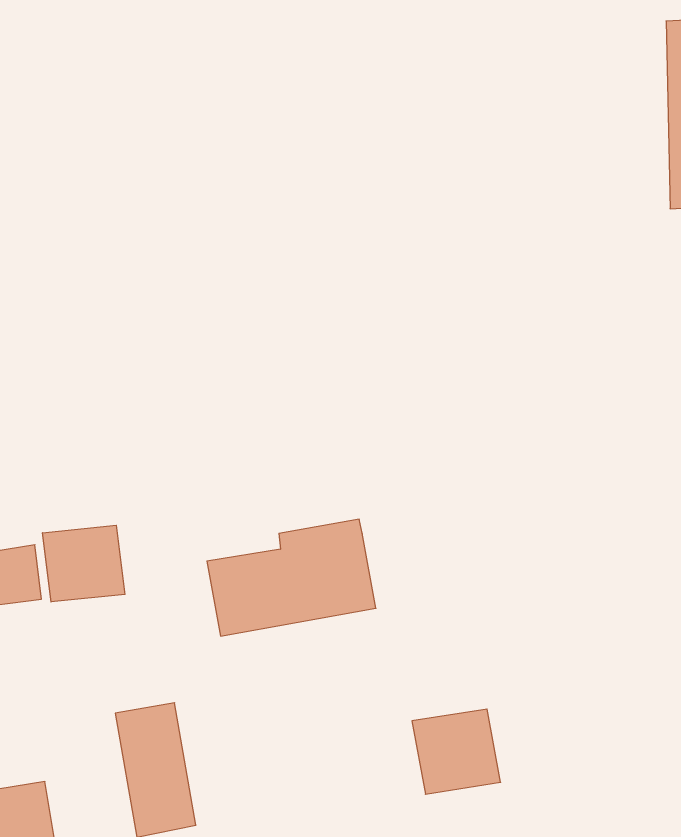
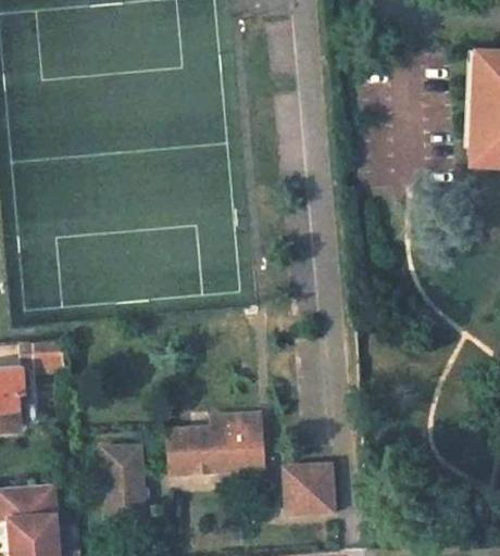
building: [207,519,376,636] -> [166,412,267,476]
building: [43,525,125,602] -> none

